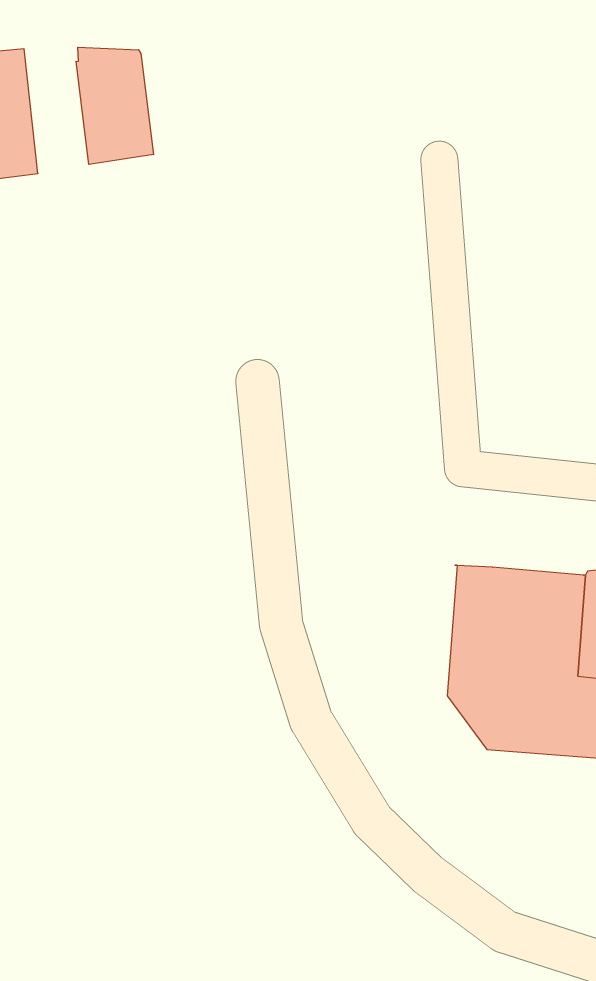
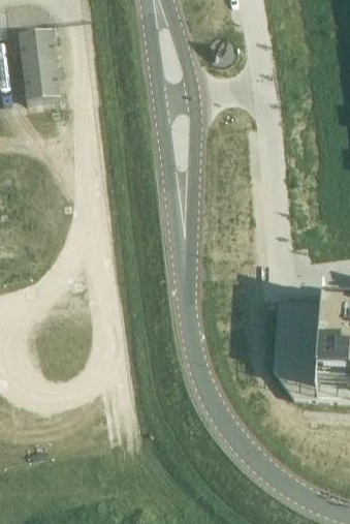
building: [76,47,154,164] -> none

